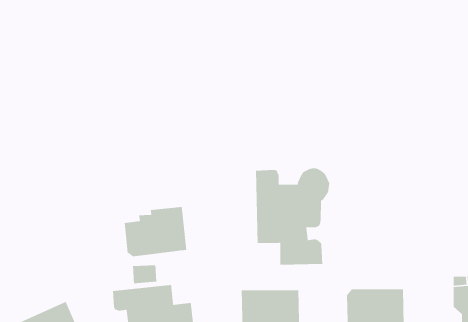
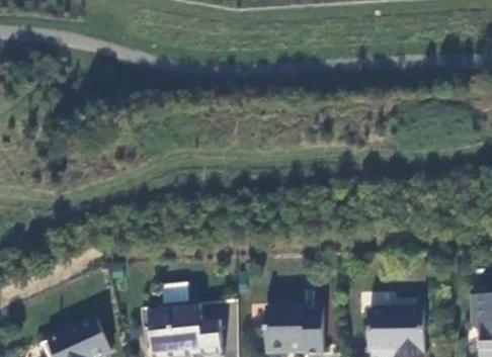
building: [255,167,330,265] -> none
building: [124,206,187,257] -> none

